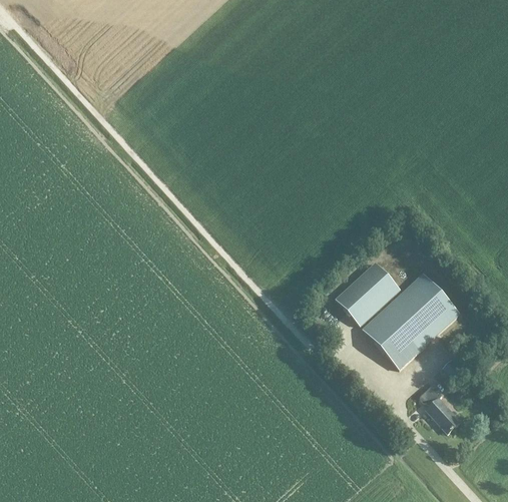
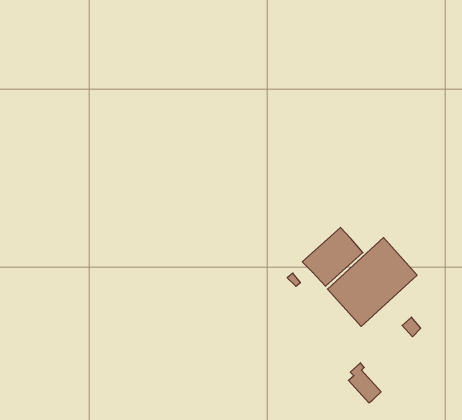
building: [425,389,460,432] -> [348,363,381,403]

